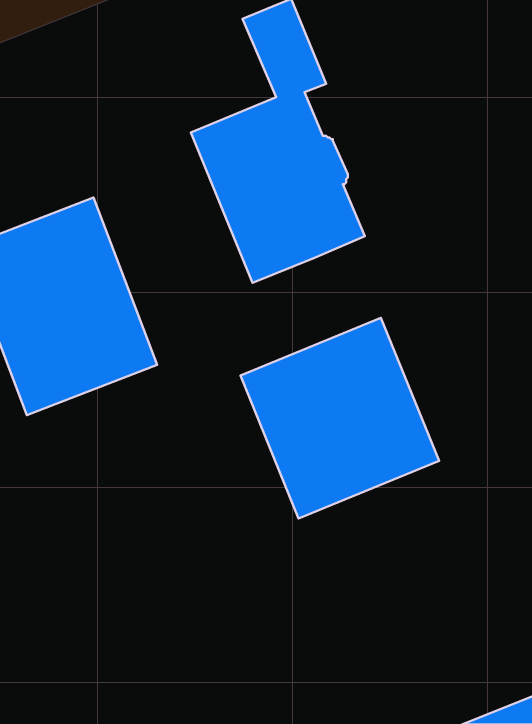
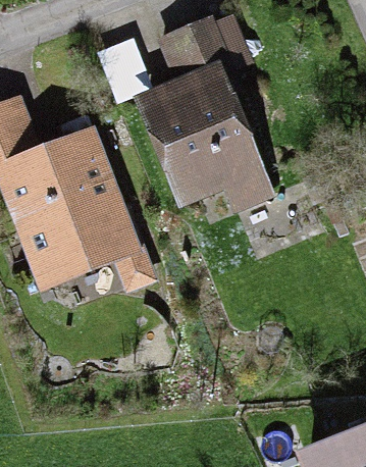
building: [240,318,439,518] -> none

